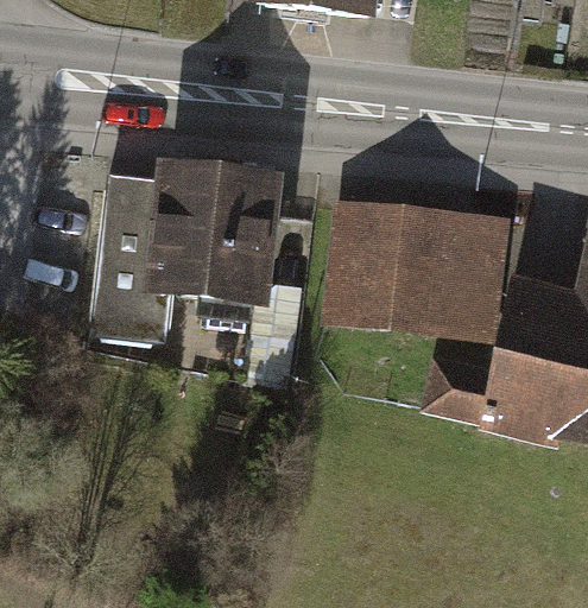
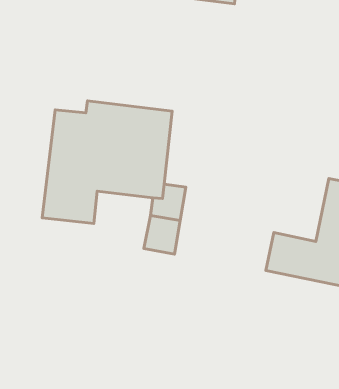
building: [321,195,508,342] -> none

